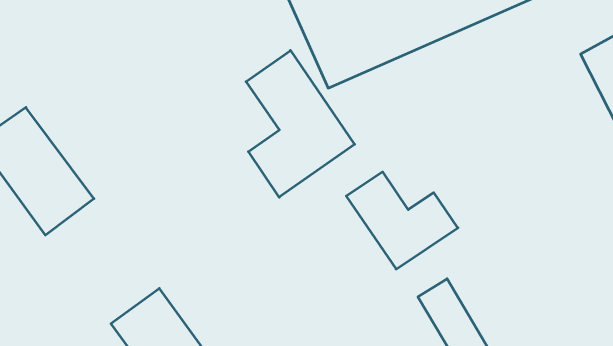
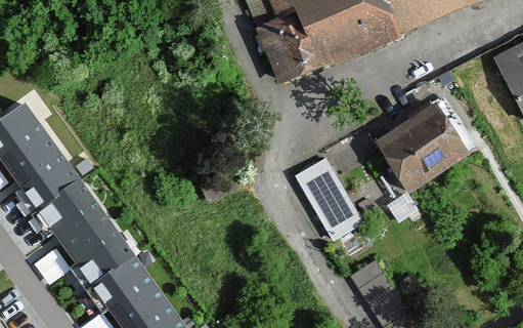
building: [246,50,355,197] -> none
building: none -> [376,105,470,195]
building: none -> [39,181,135,287]

